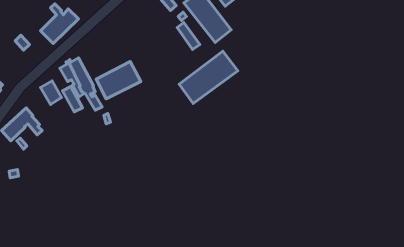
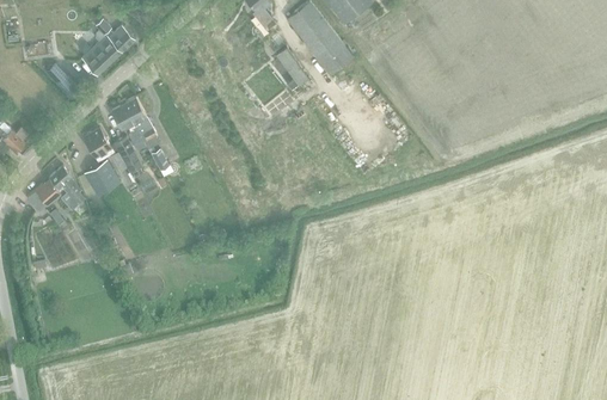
building: [179,51,238,104] -> none
building: [96,61,141,99] -> none
building: none -> [84,161,121,197]

